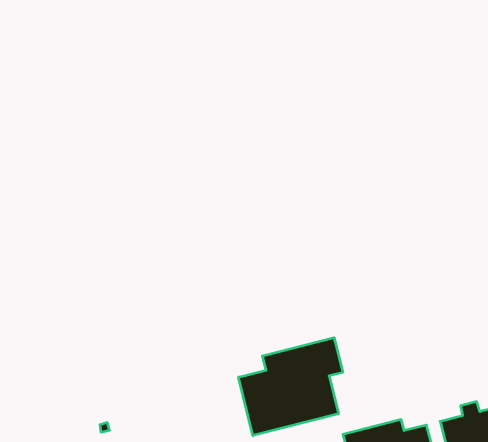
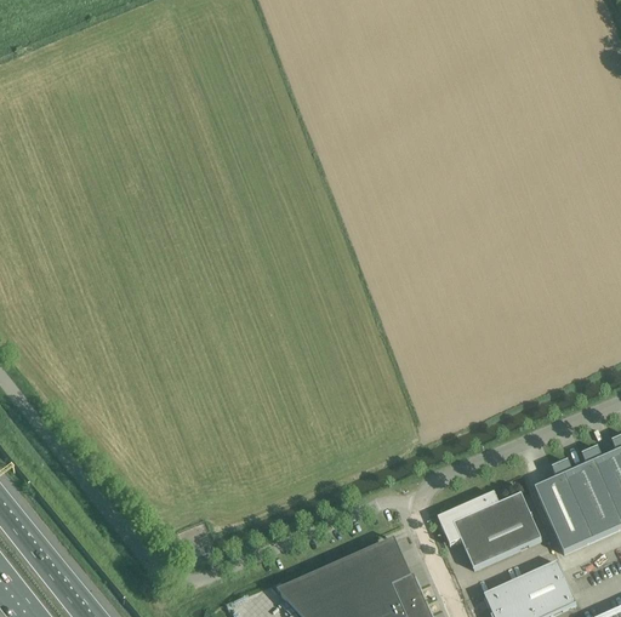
building: [239,338,343,436] -> none

